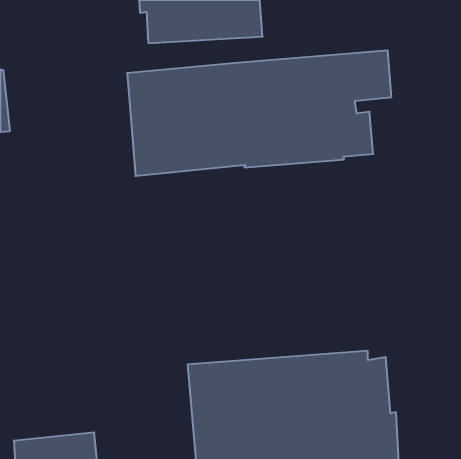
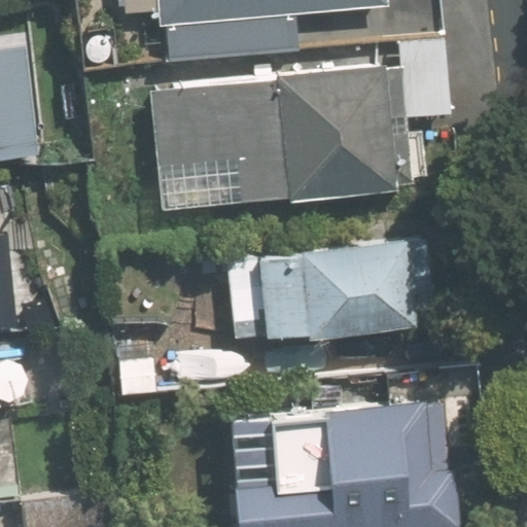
building: none -> [230,240,432,339]

